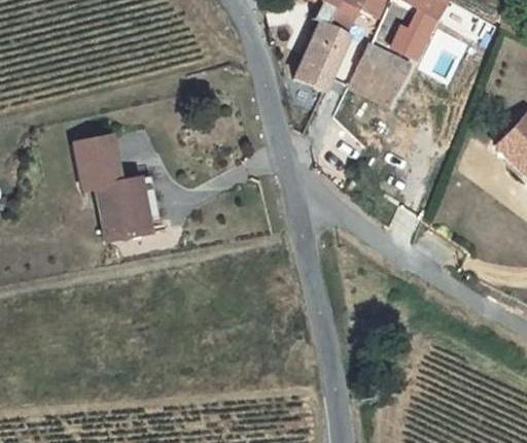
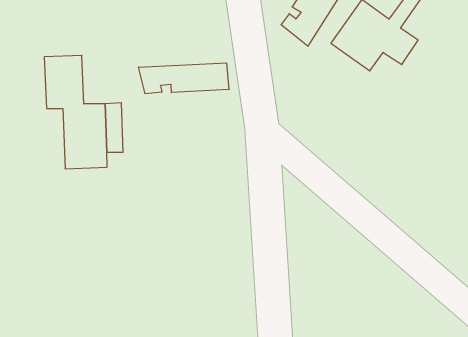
building: none -> [138,63,229,94]

